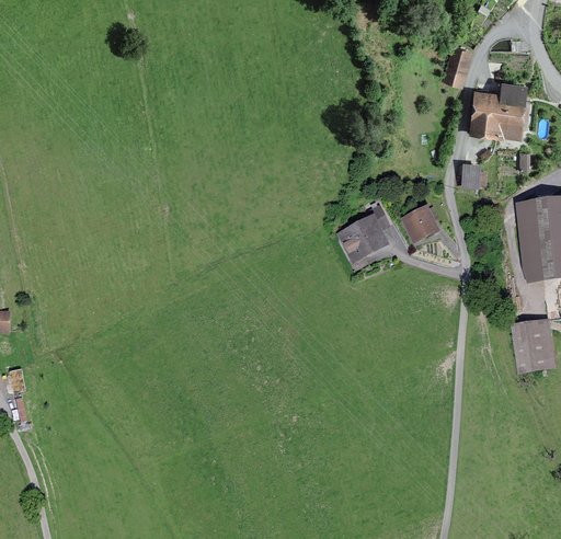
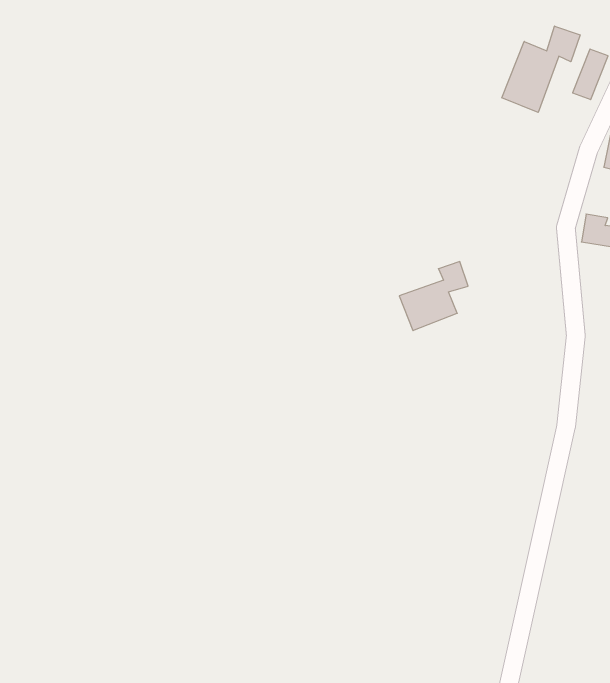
building: none -> [502,26,580,112]
building: [405,210,436,240] -> none

